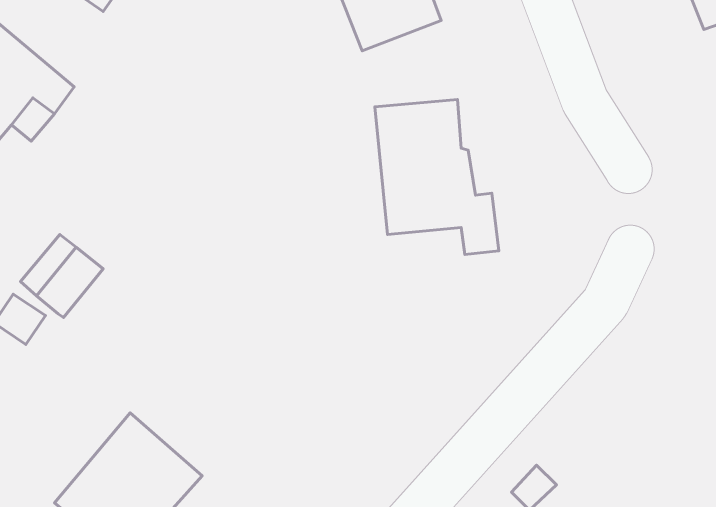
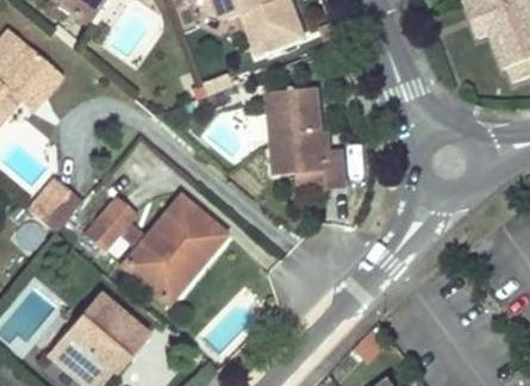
building: none -> [125,197,229,303]
building: none -> [88,200,137,250]

